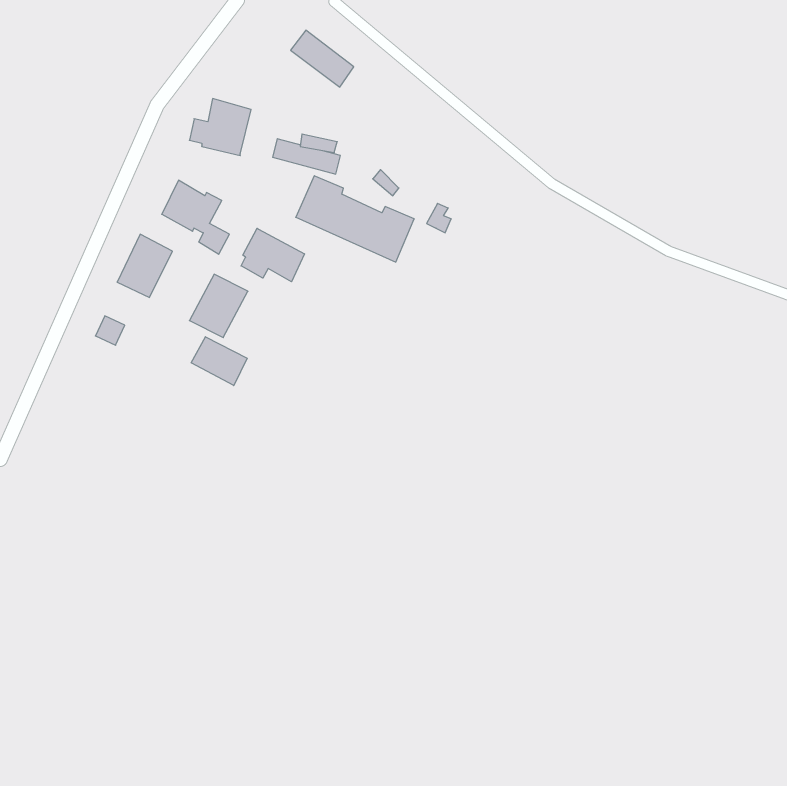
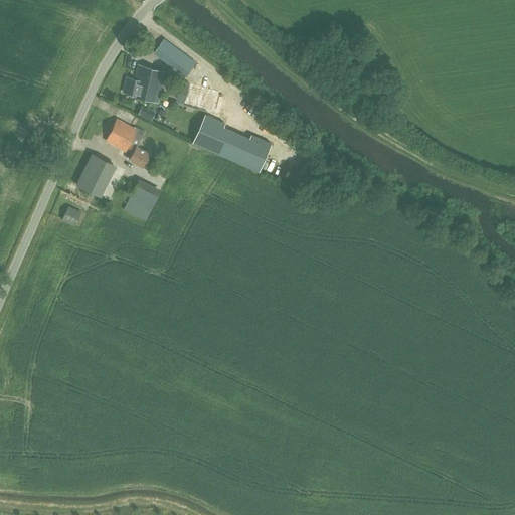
building: [291,30,354,87] -> [154,39,195,76]
building: [241,228,304,282] -> none
building: [191,337,247,386] -> none

